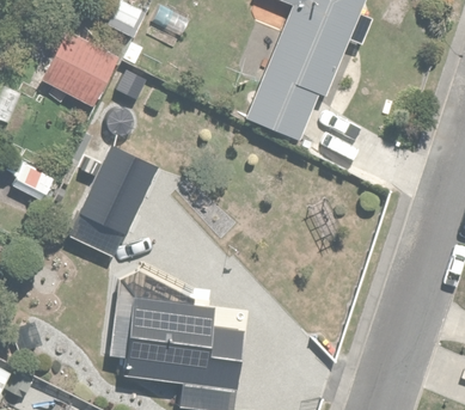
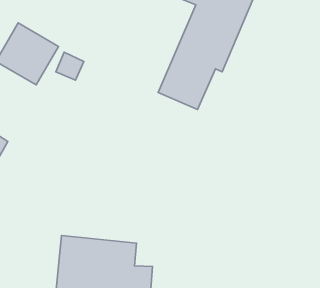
building: [77,148,149,233] -> none

